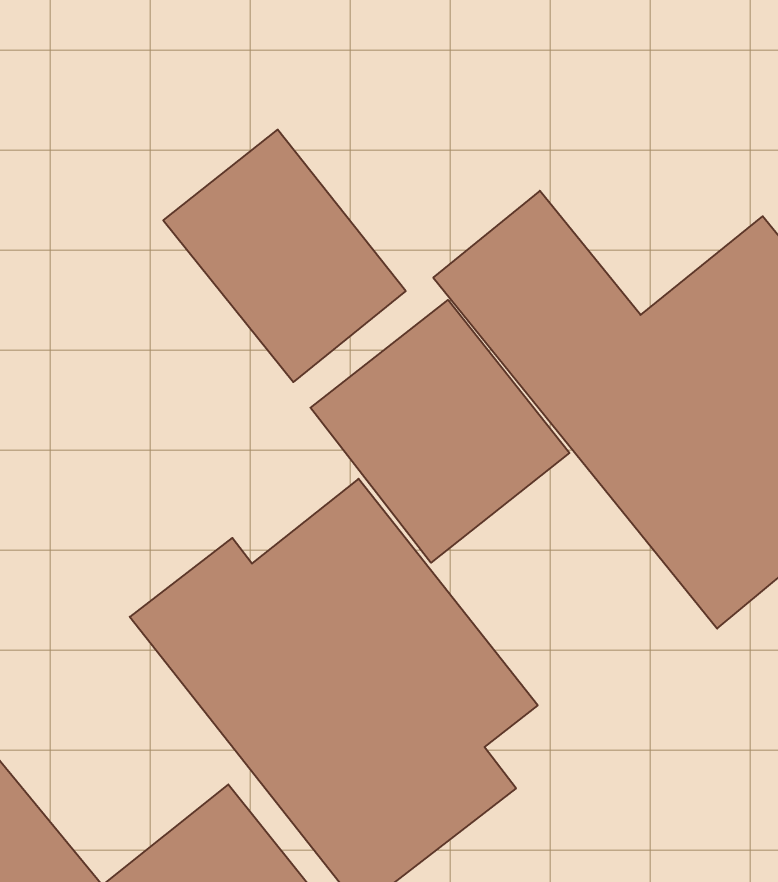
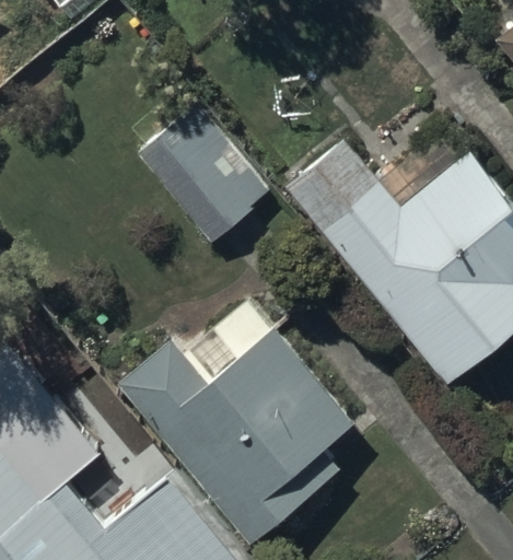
building: [310,300,569,563] -> none

